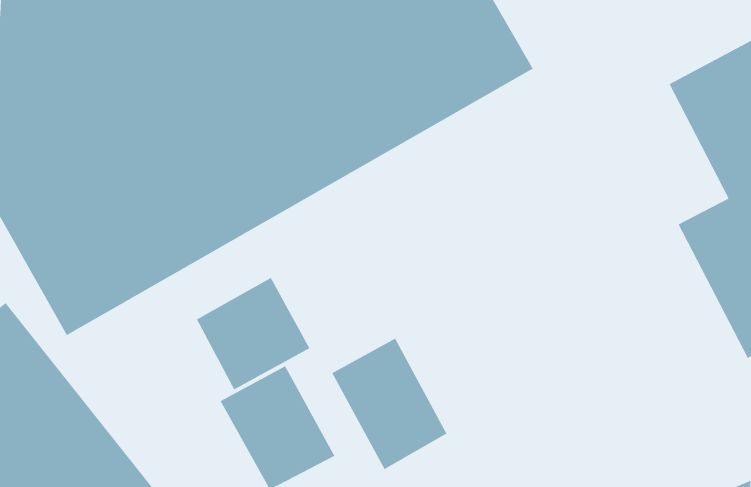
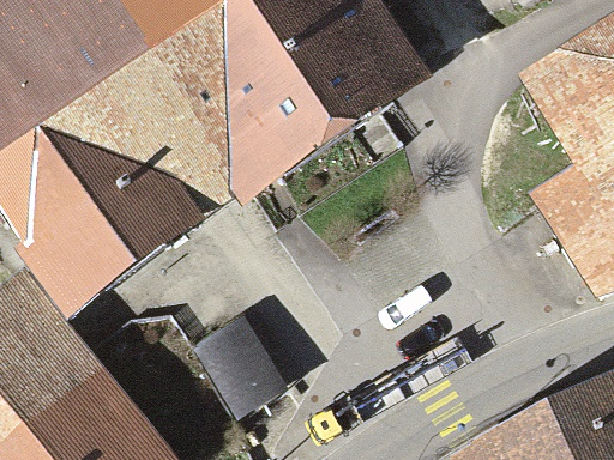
building: [196,277,310,390] -> none
building: [331,338,447,470] -> none

